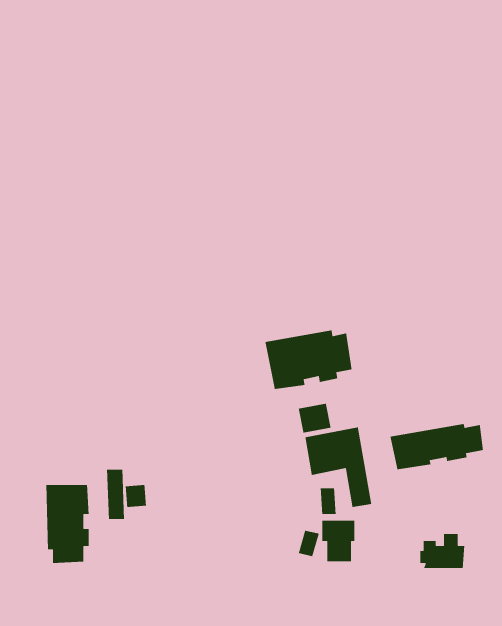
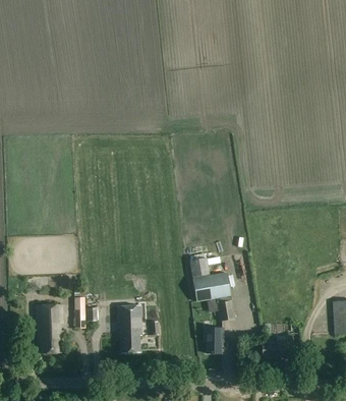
building: [264,330,353,390] -> none
building: [390,423,484,470] -> none
building: none -> [117,305,141,351]

